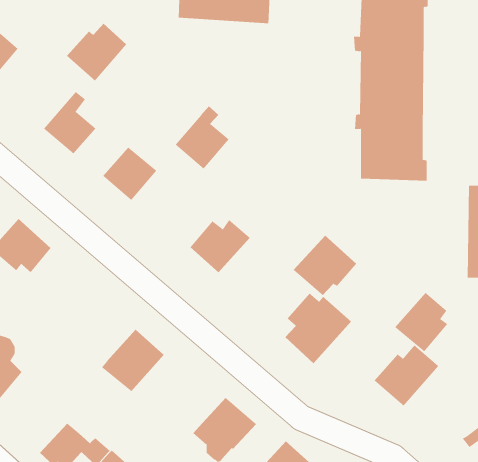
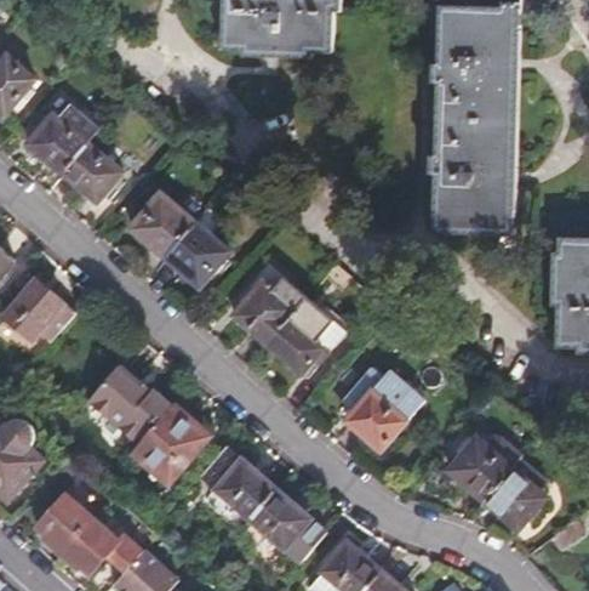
building: [66,23,127,82] -> [30,104,102,174]
building: [175,105,230,169] -> [167,212,231,288]
building: [293,235,357,296] -> [269,302,344,374]
building: [394,292,448,352] -> [486,459,549,529]
building: none -> [87,366,172,447]
building: none -> [201,445,278,519]
building: none -> [36,494,92,555]

